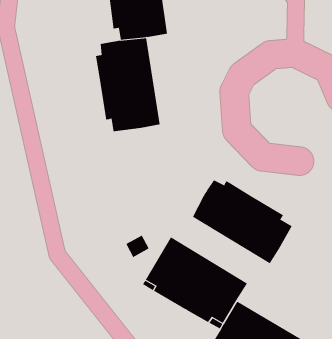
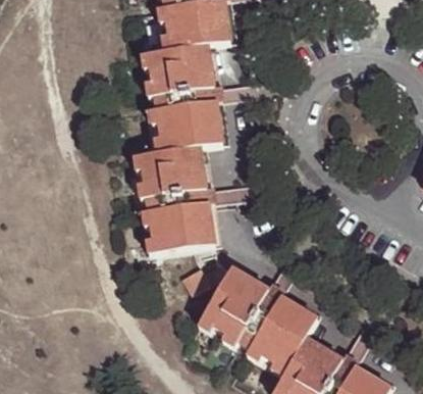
building: none -> [139,145,211,251]
building: [192,179,293,264] -> none

